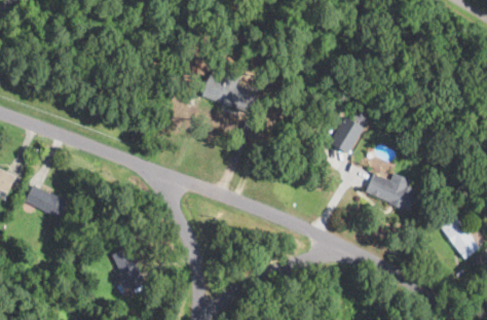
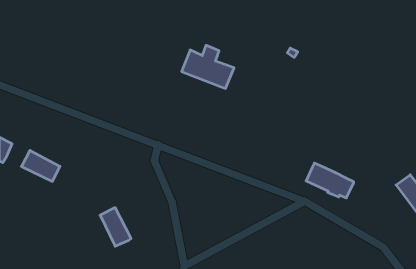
building: [329,116,364,154] -> none
building: [365,173,417,211] -> [306,163,354,198]

